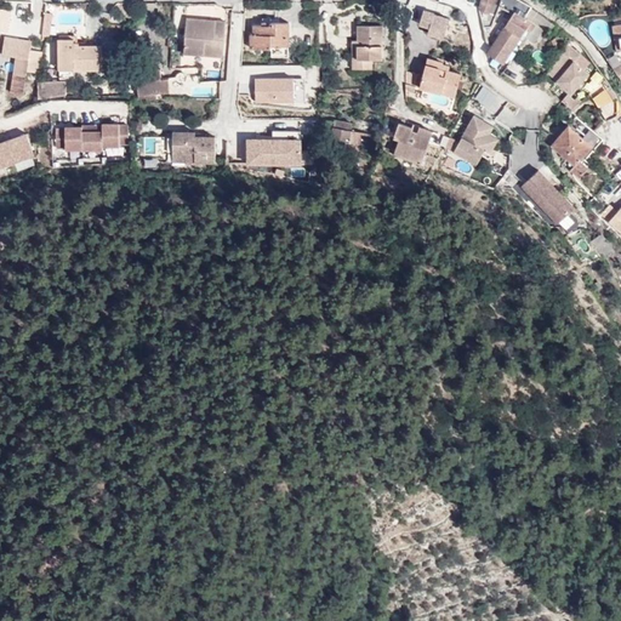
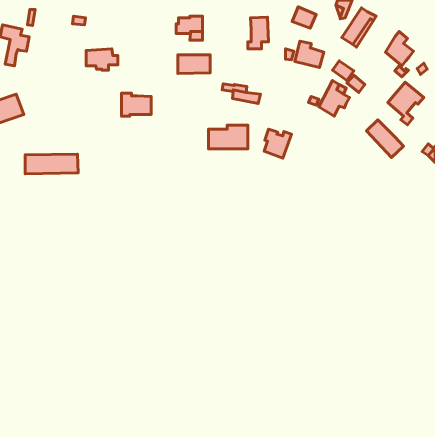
building: [182,17,223,56] -> none
building: [58,39,101,70] -> none
building: [393,123,432,164] -> [264,129,291,158]
building: [52,125,127,153] -> [25,154,78,174]
building: [244,133,300,167] -> [208,125,248,149]

